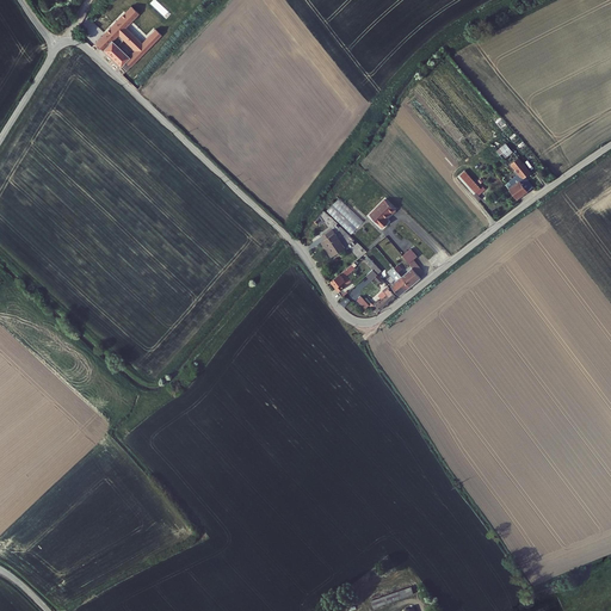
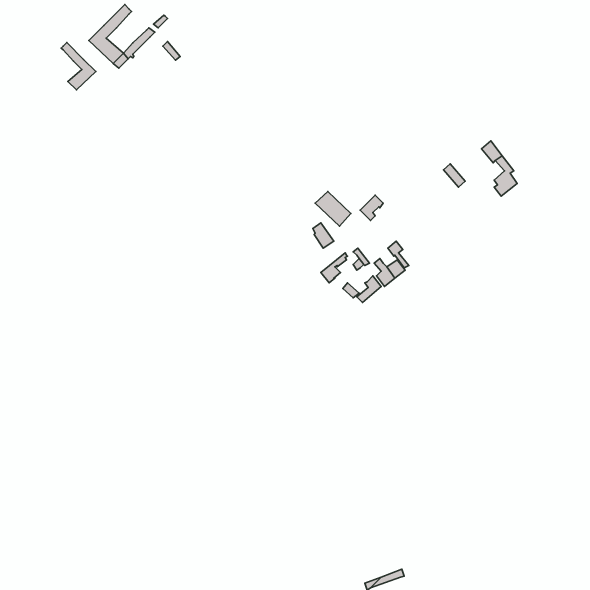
building: none -> [61,43,96,90]

